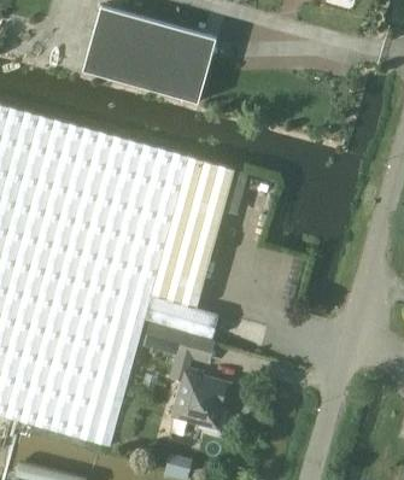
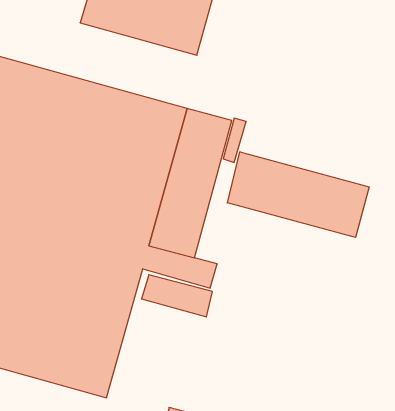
building: none -> [227,152,369,237]
building: [175,371,228,437] -> none

